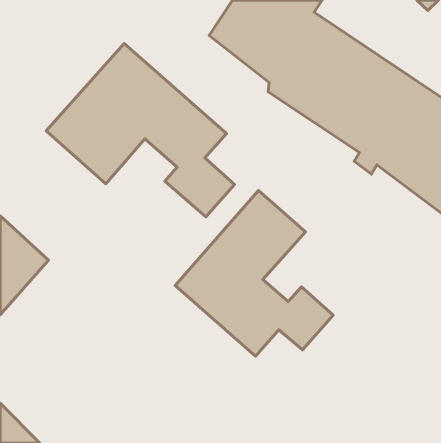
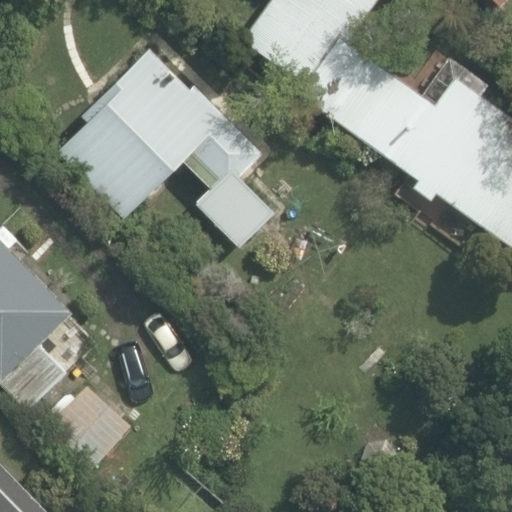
building: [175,190,333,356] -> none

